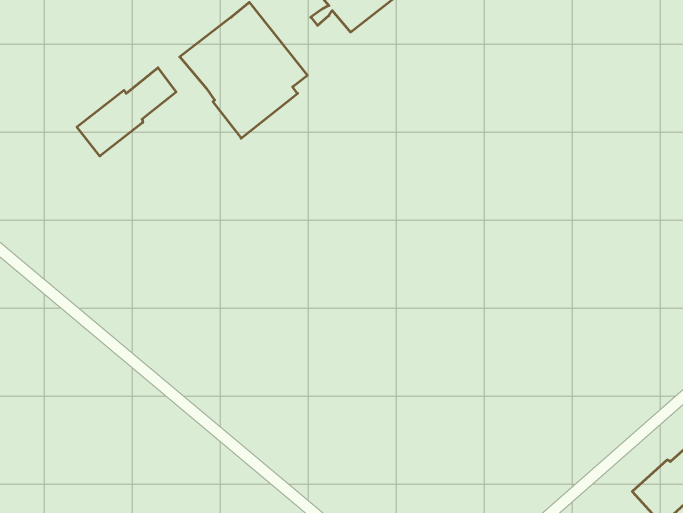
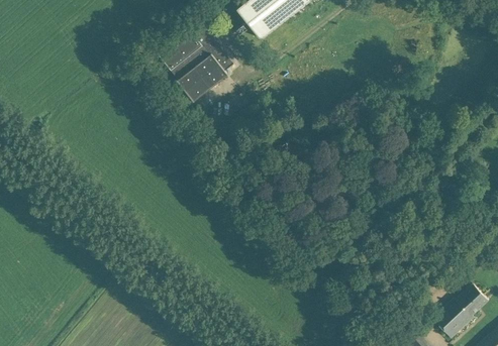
building: [77,68,176,156] -> none

